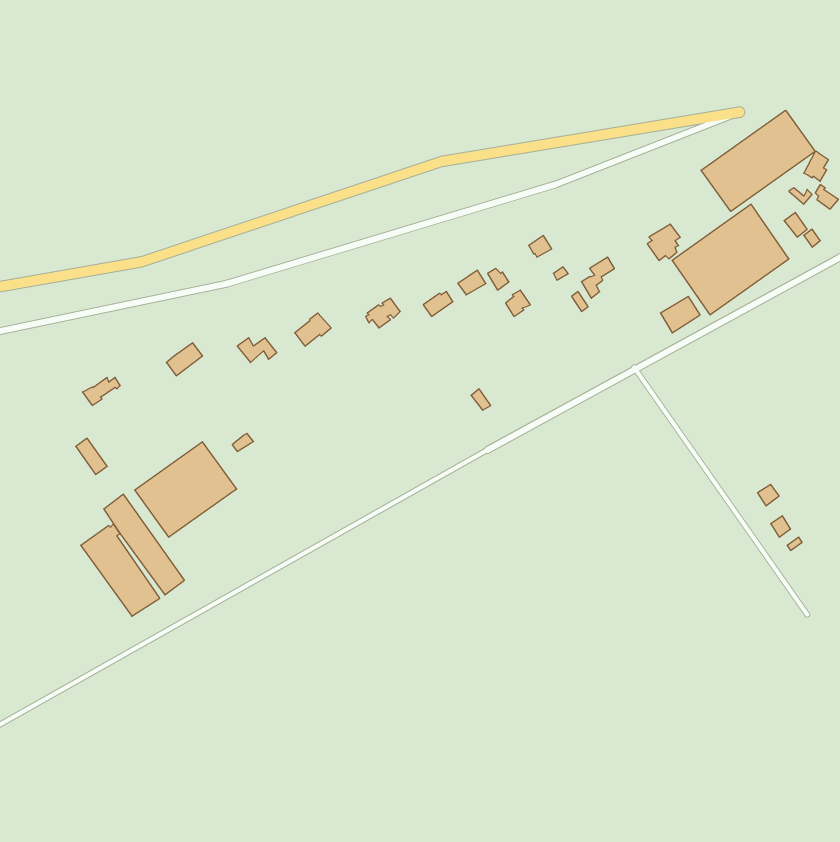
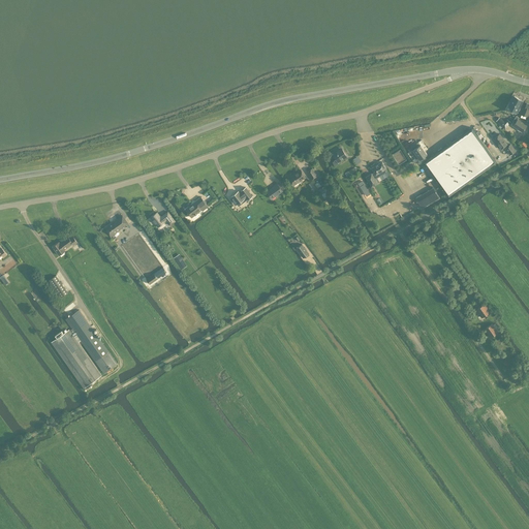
building: [701,110,815,211] -> none
building: [135,442,237,537] -> none

